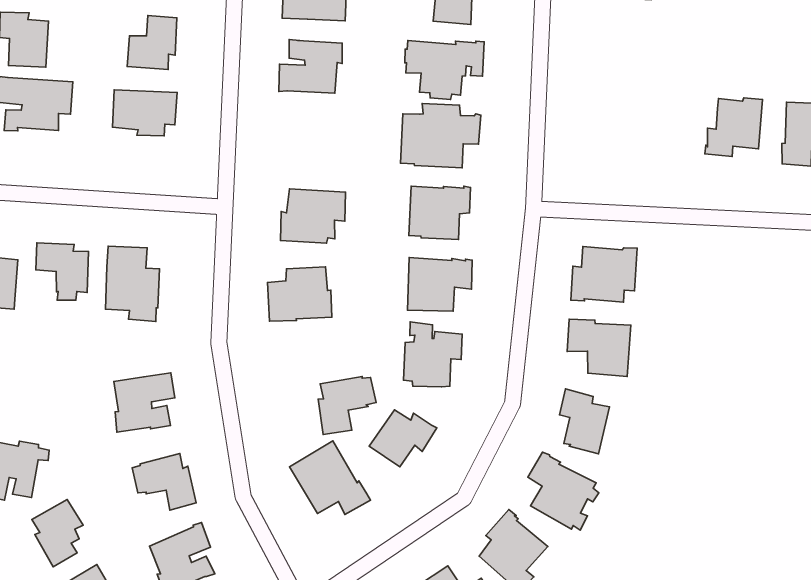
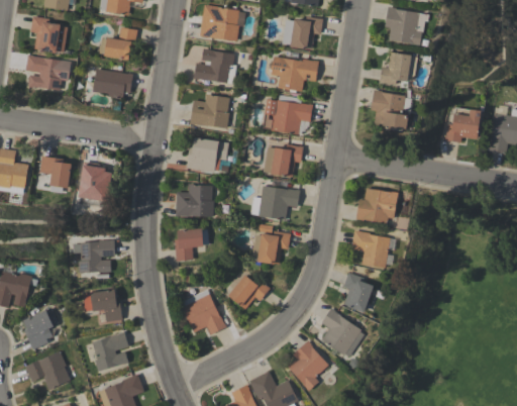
building: none -> [380,52,418,84]
building: none -> [372,90,409,130]
building: none -> [190,94,229,128]
building: [318,377,376,434] -> [175,228,209,261]

